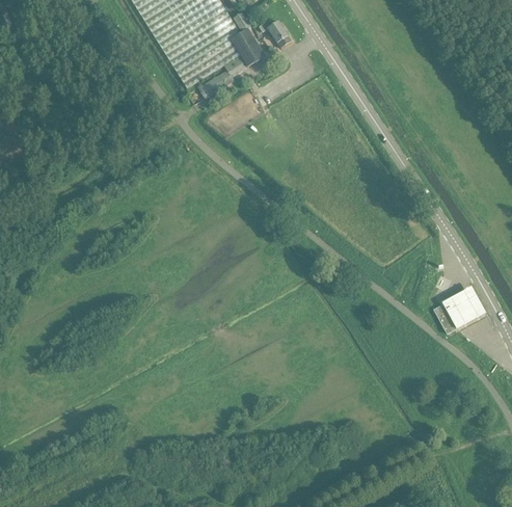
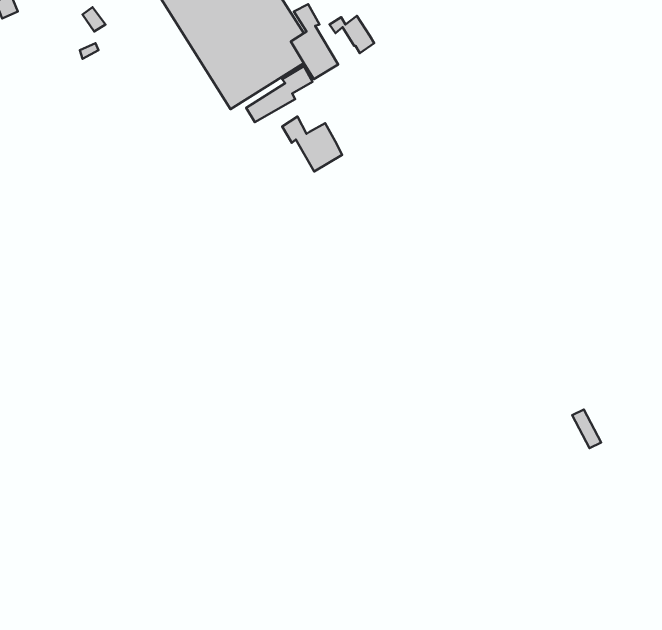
building: none -> [282,116,342,171]
building: [442,286,486,327] -> none

